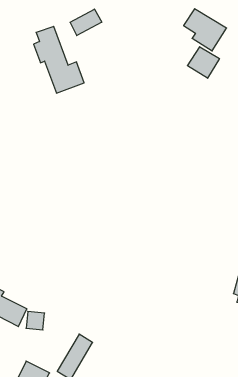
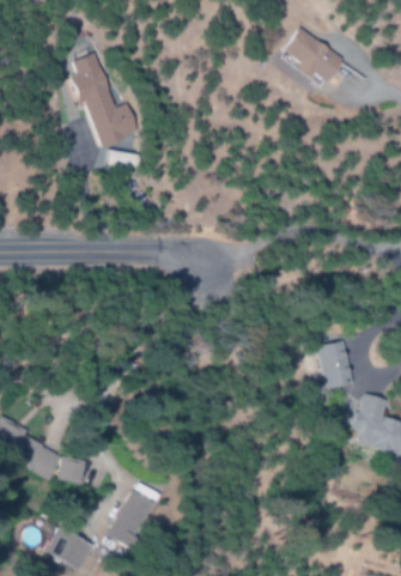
building: [70,9,102,36] -> none
building: [187,47,219,78] -> none
building: none -> [317,339,354,389]

